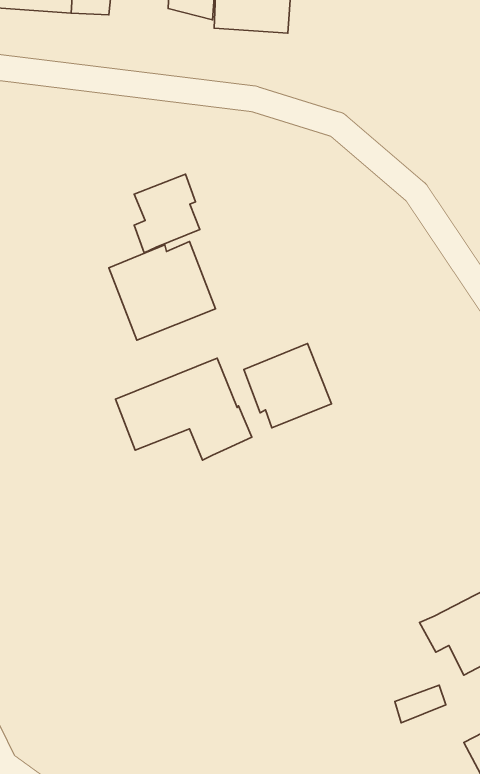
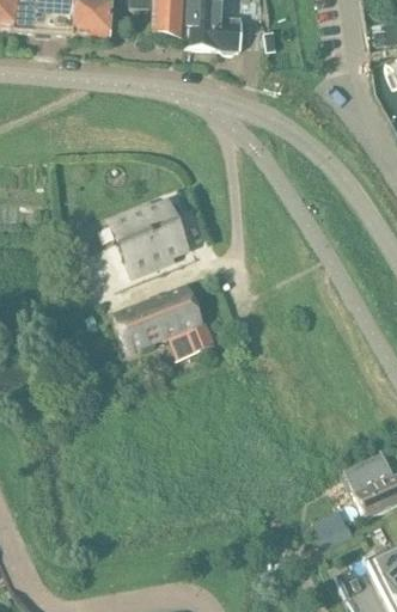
building: [134,174,200,253] -> none
building: [244,343,332,428] -> none

